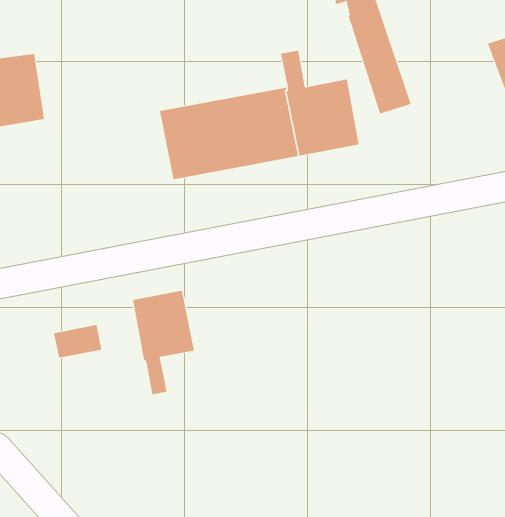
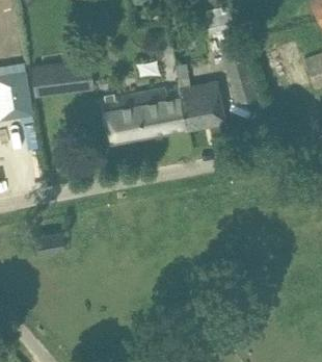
building: none -> [32,62,98,92]
building: [133,290,195,395] -> none

